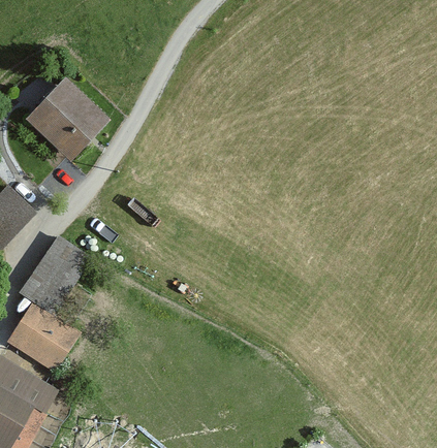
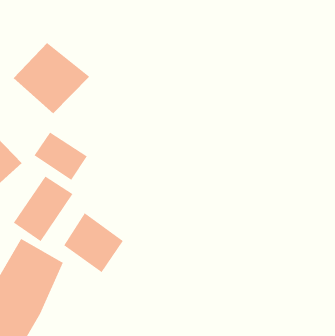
building: none -> [33,131,88,181]
building: none -> [63,212,124,273]

